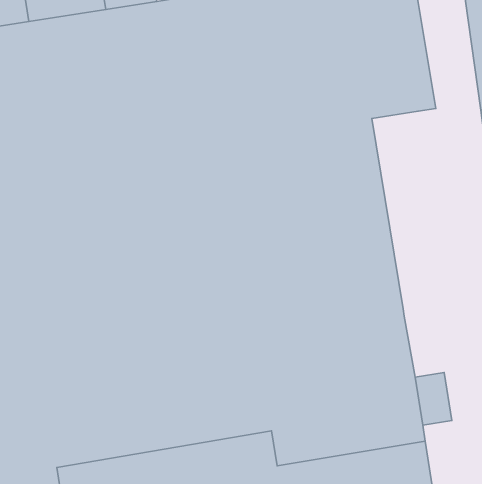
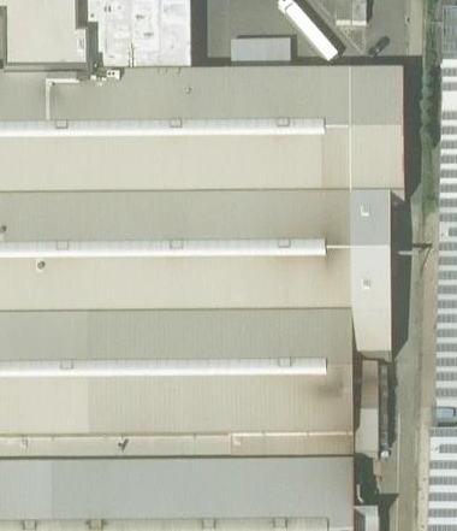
building: none -> [351,193,391,350]
building: none -> [352,356,378,407]

